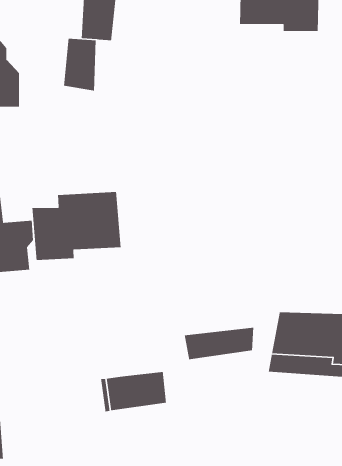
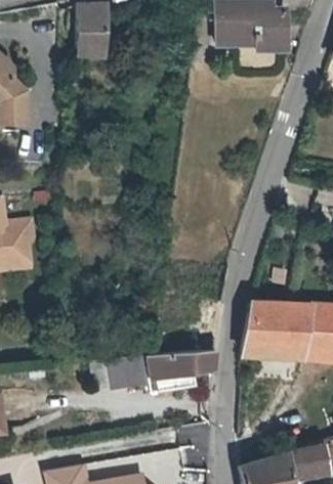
building: [63,38,97,91] -> none
building: [31,191,121,261] -> none
building: [184,327,254,360] -> [154,347,216,377]

